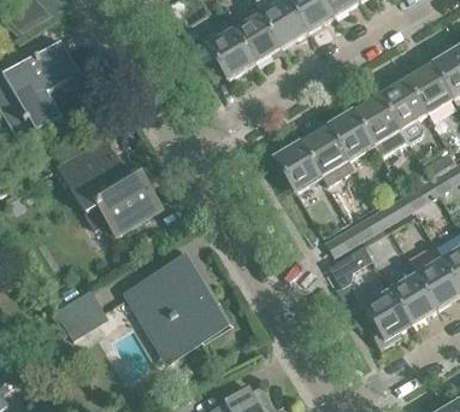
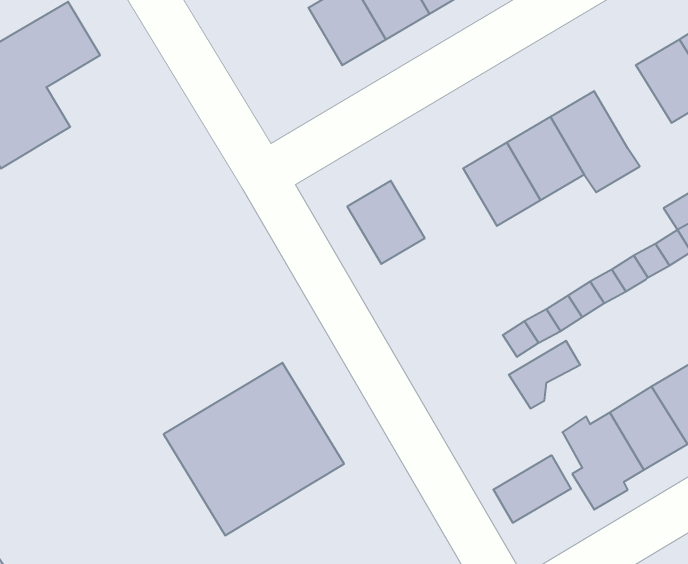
building: [381,78,427,142] -> none
building: [59,141,160,235] -> none
building: [275,141,322,192] -> [347,181,425,264]
building: [54,289,104,332] -> none
building: none -> [493,455,571,523]

